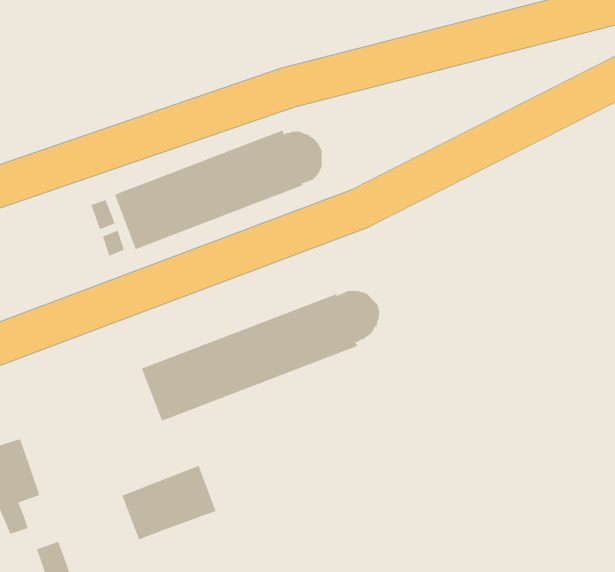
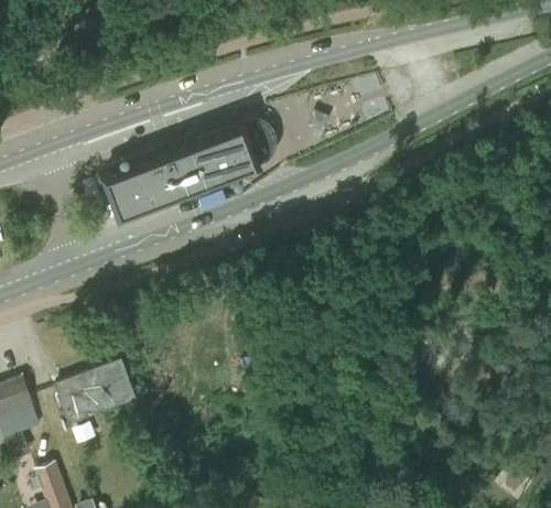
building: [141,290,380,422] -> none
building: [121,465,216,540] -> [56,360,136,423]

